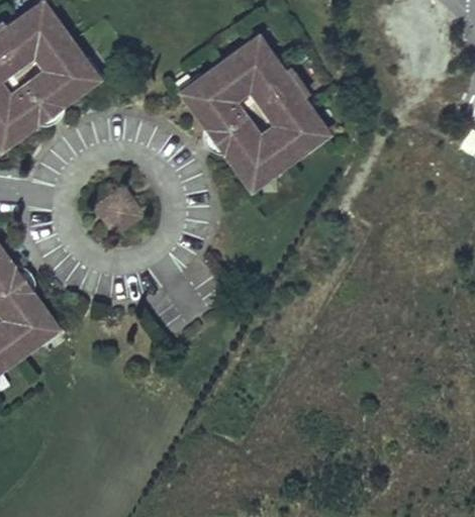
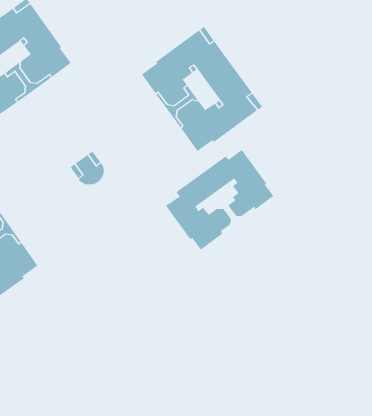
building: none -> [165,149,274,250]

